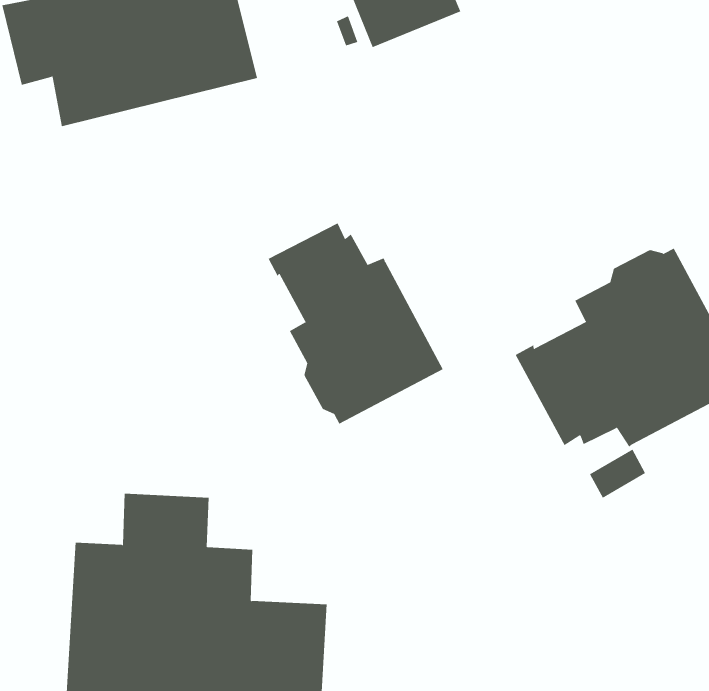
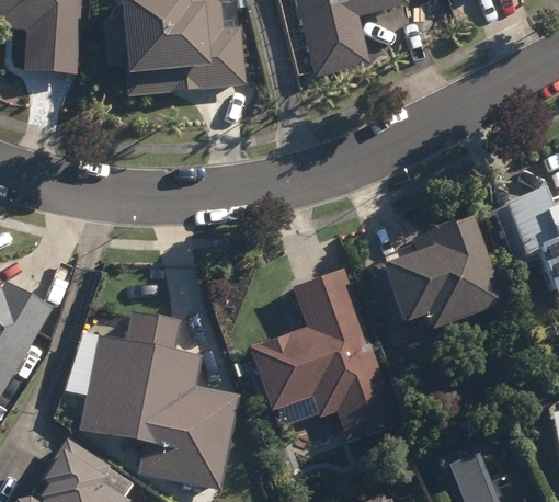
building: [268,222,443,424] -> none
building: none -> [249,269,396,437]

